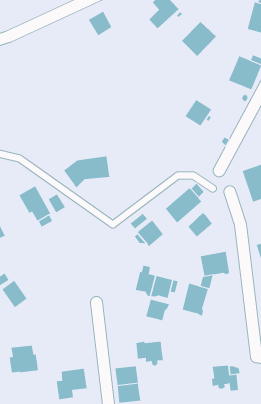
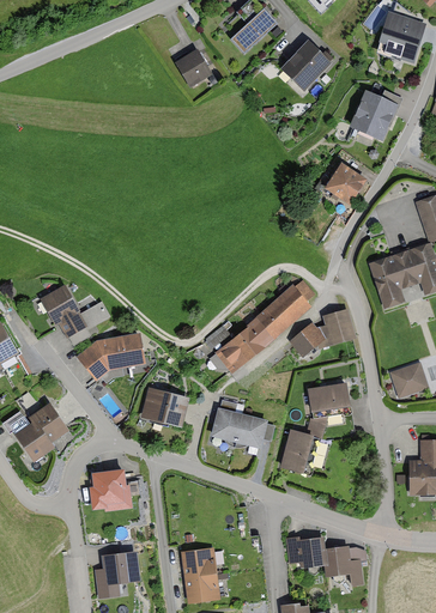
building: [88,11,112,36] -> [175,49,211,86]
building: [184,99,212,127] -> [325,164,365,205]
building: [63,156,110,189] -> [77,335,146,383]
building: none -> [317,309,356,351]
building: none -> [237,317,273,354]
building: none -> [140,388,190,430]
building: none -> [30,403,69,444]
building: [146,299,170,321] -> none
building: [135,341,164,366] -> [285,538,327,575]
building: [9,345,39,373] -> [89,471,133,511]

